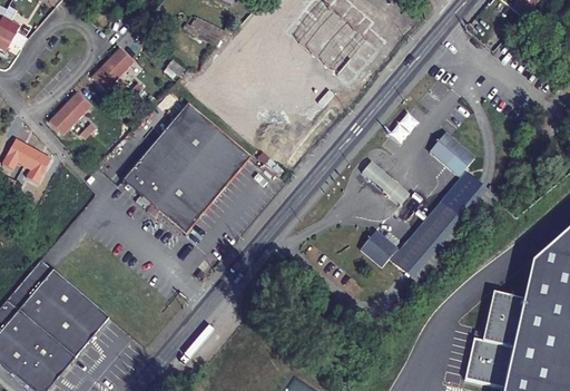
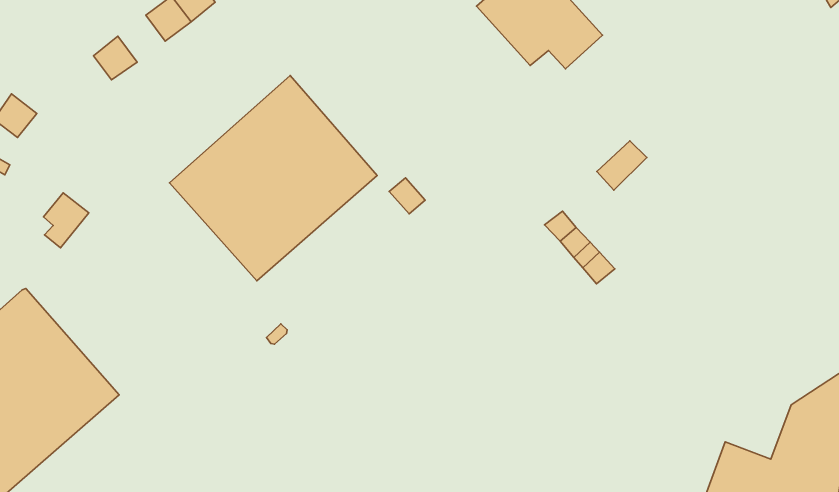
building: [49,107,77,141] -> none
building: [360,131,495,285] -> none
building: [23,148,51,183] -> [44,193,89,248]

